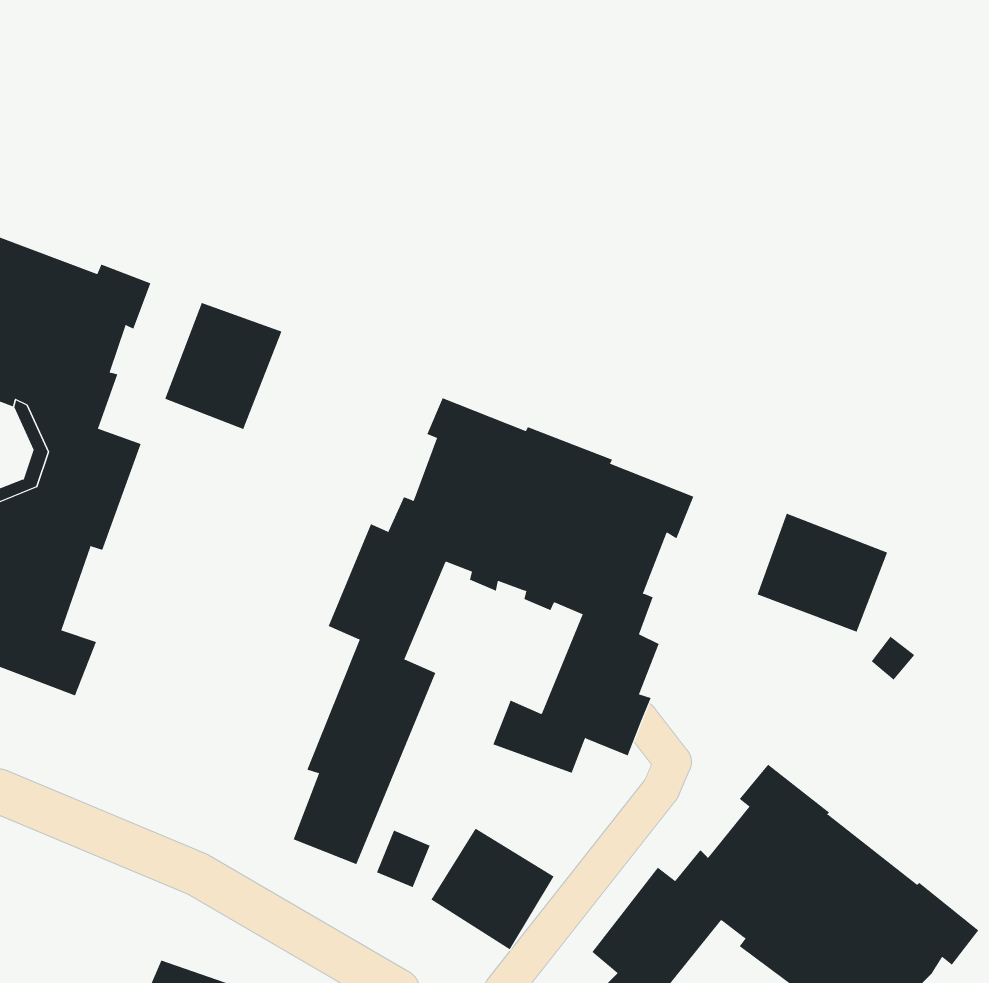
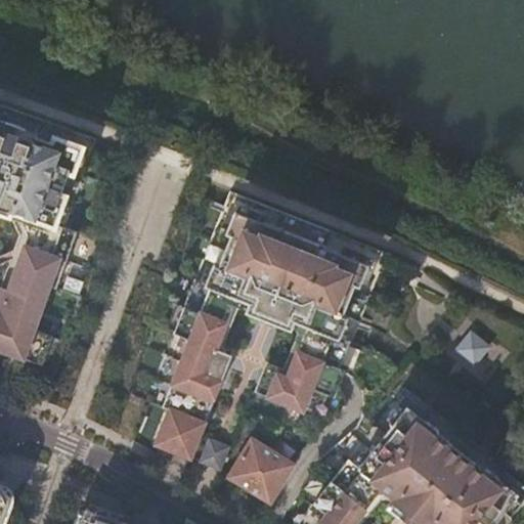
building: [165,302,282,430] -> none
building: [757,513,888,633] -> none

